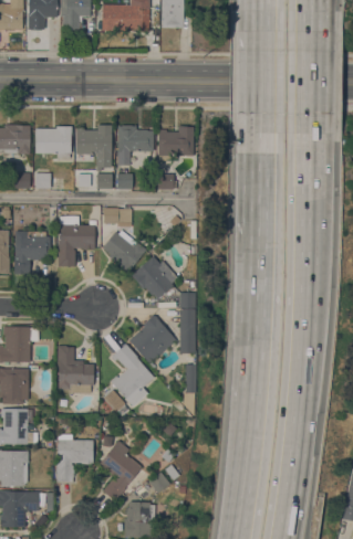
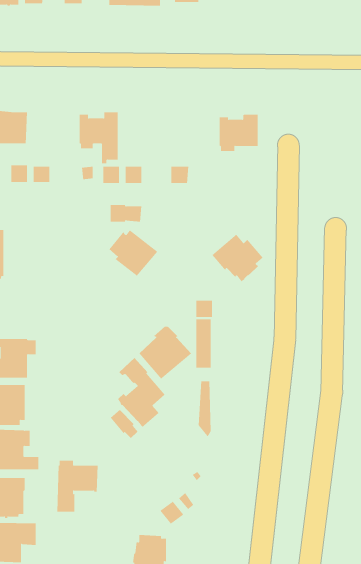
building: [118,125,154,156] -> none
building: [35,126,72,158] -> none
building: [158,126,194,160] -> [219,113,259,151]
building: [59,215,97,266] -> none
building: [15,231,51,274] -> none
building: [132,256,178,299] -> [212,234,264,282]
building: [58,345,94,393] -> none
building: [97,442,142,501] -> none

